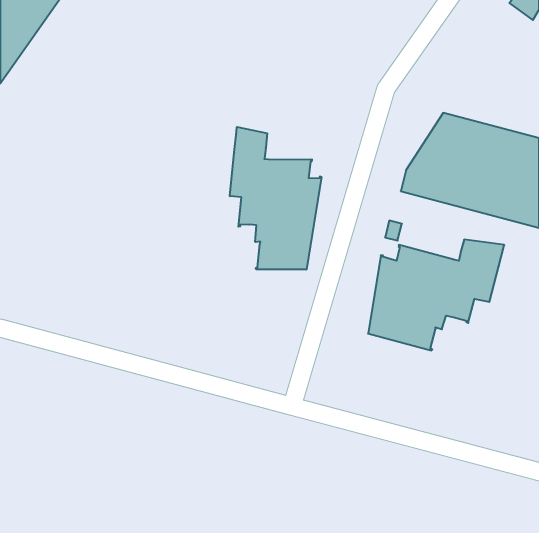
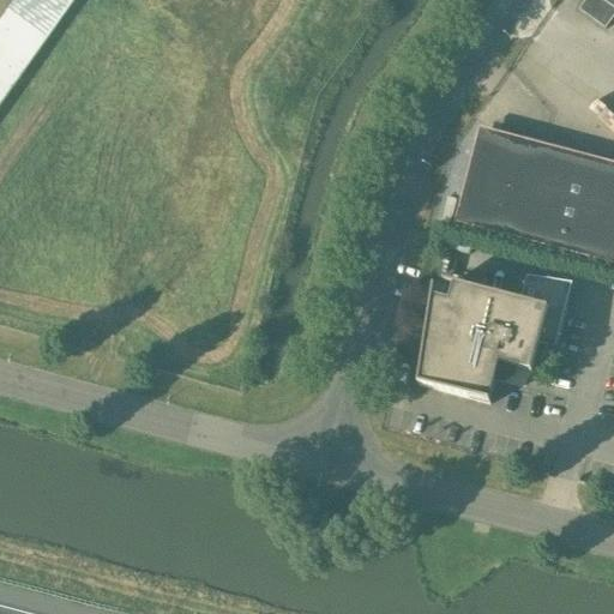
building: [230,127,321,270] -> none

